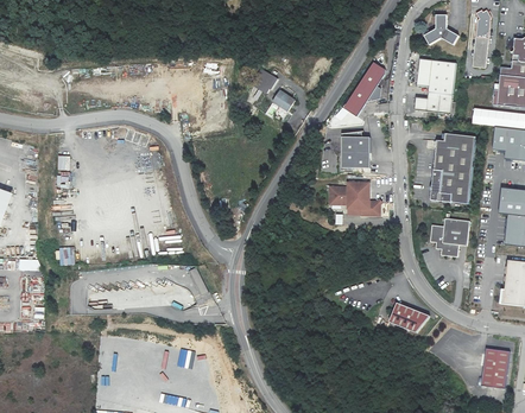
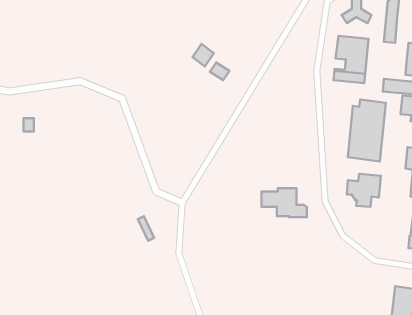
building: [344,62,385,116] -> none
building: [341,132,371,169] -> none
building: [329,183,381,216] -> [261,188,307,217]
building: [388,303,429,332] -> none

